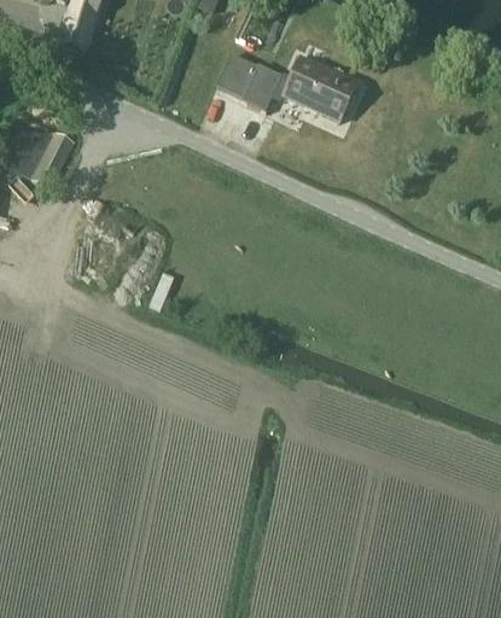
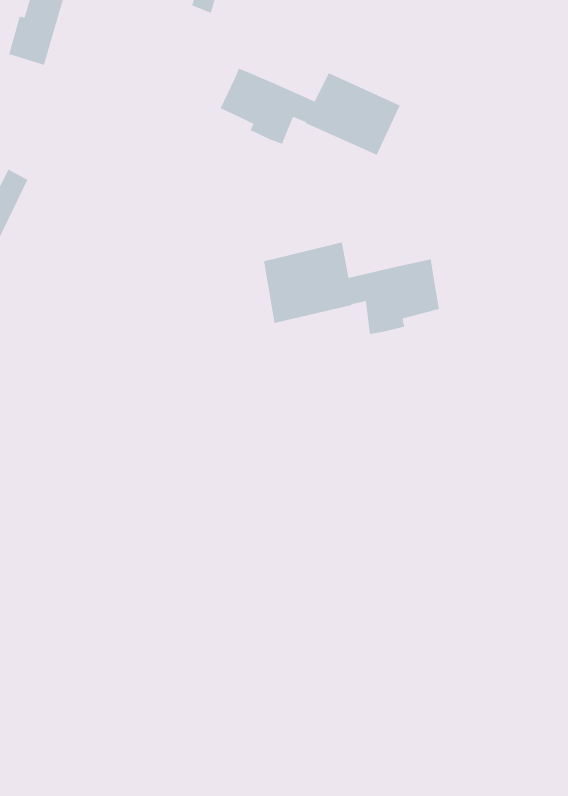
building: none -> [263,241,440,335]

